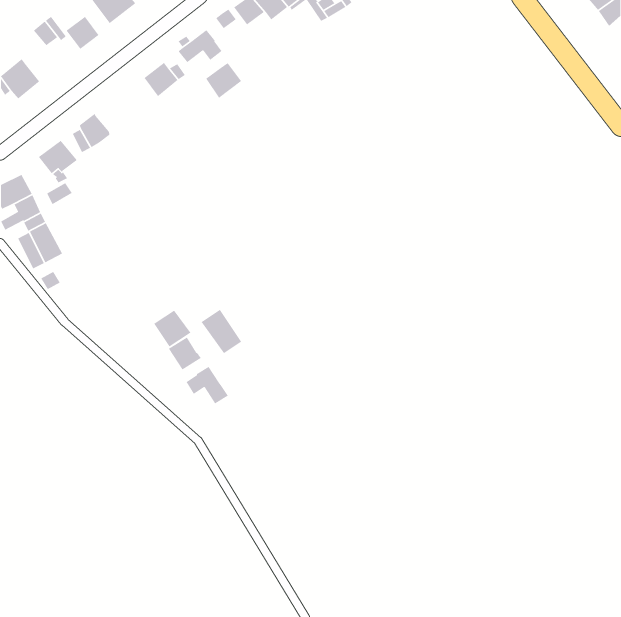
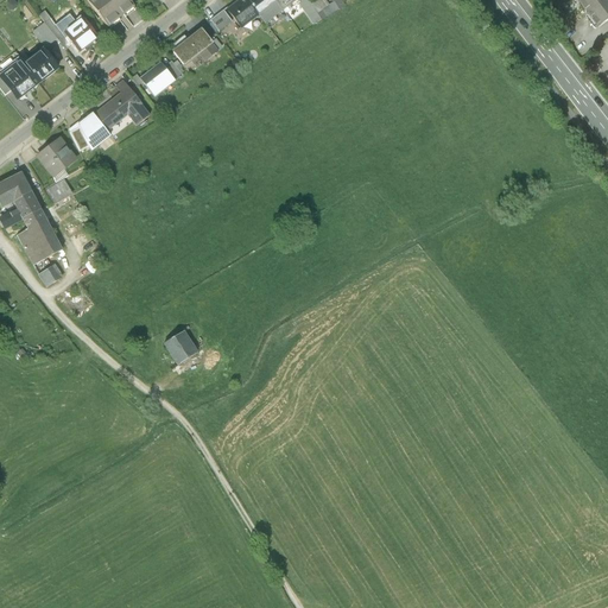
building: none -> [25,48,57,80]
building: [205,62,242,99] -> none
building: none -> [94,78,148,128]
building: [153,309,191,348] -> none
building: [201,309,242,355] -> none
building: [185,366,229,404] -> none

